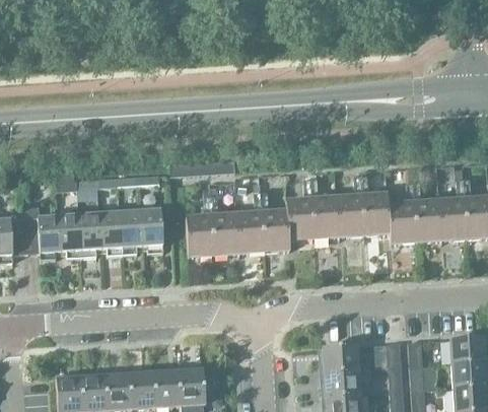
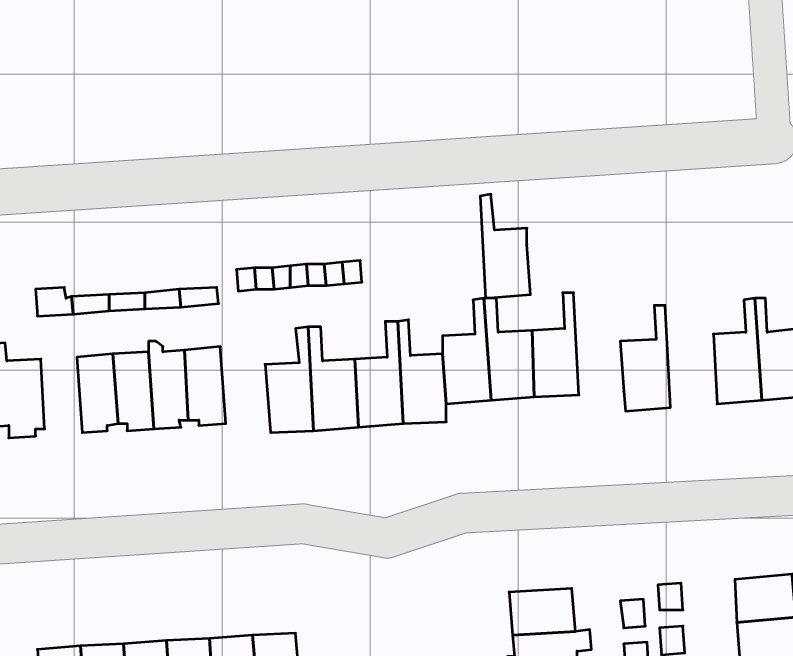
building: [359,176,388,234] -> [480,194,530,298]
building: [411,183,440,242] -> none
building: [58,206,81,257] -> none

